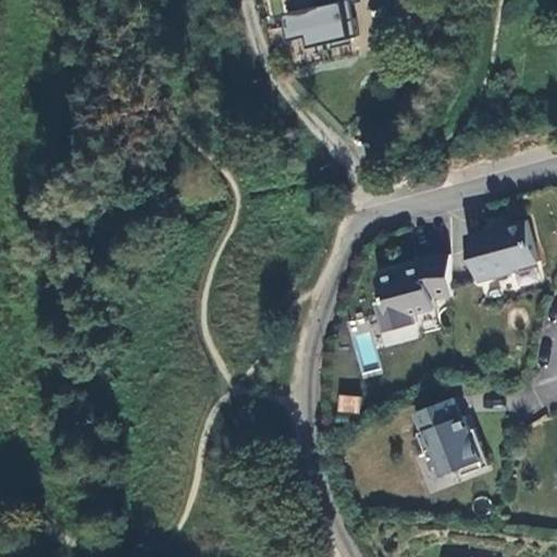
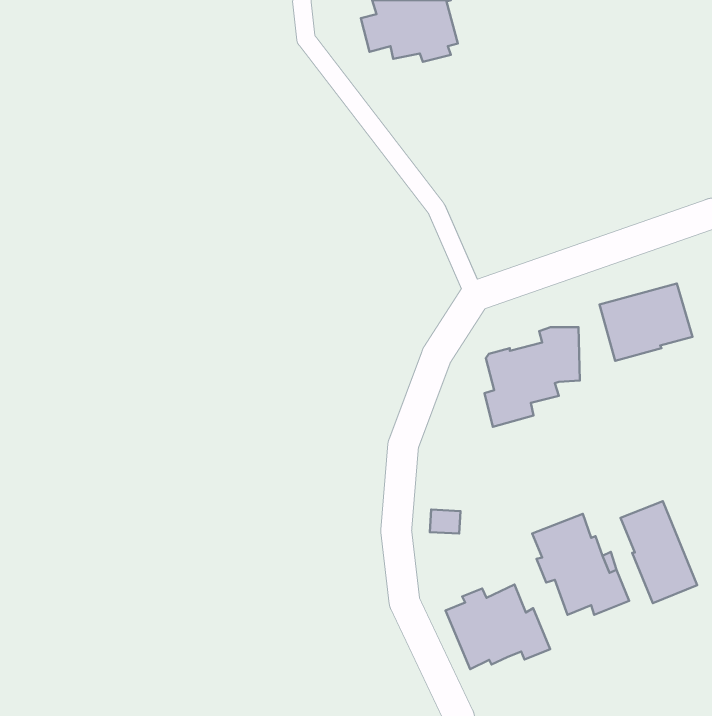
building: none -> [620,501,697,603]
building: none -> [445,584,550,669]

